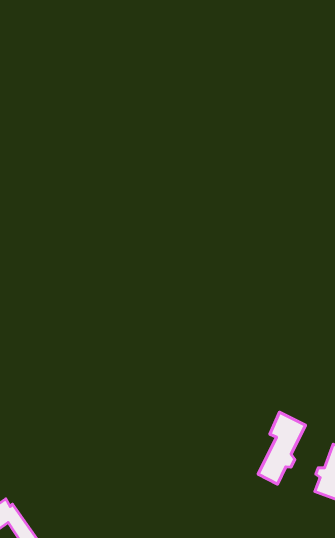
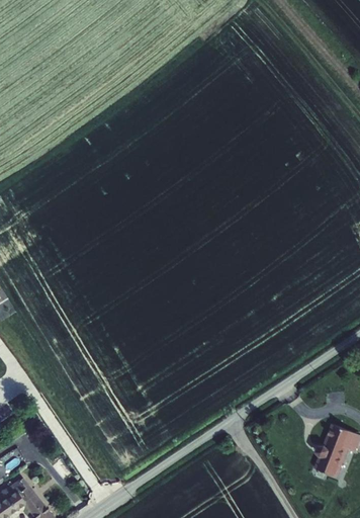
building: [258,412,306,484] -> none

